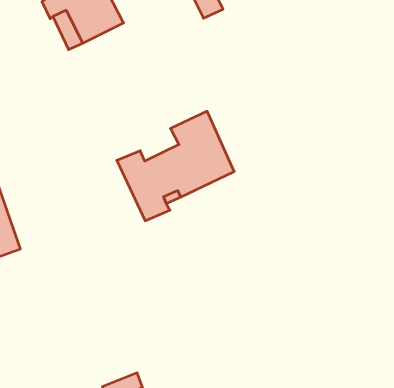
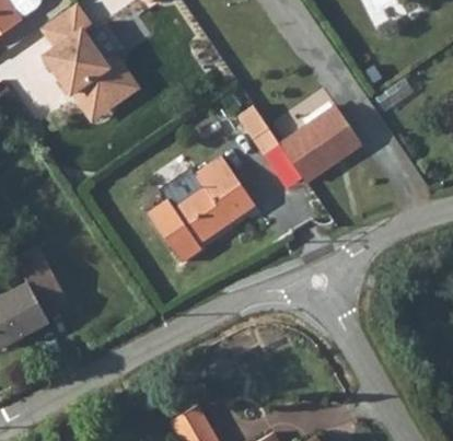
building: none -> [239,102,281,152]
building: none -> [281,111,360,185]

